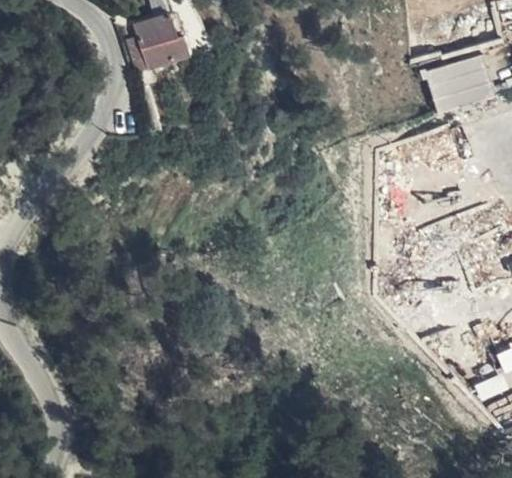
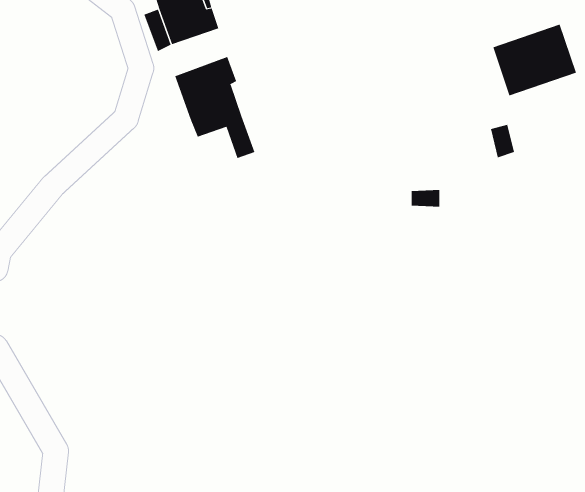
building: none -> [175,56,255,159]

